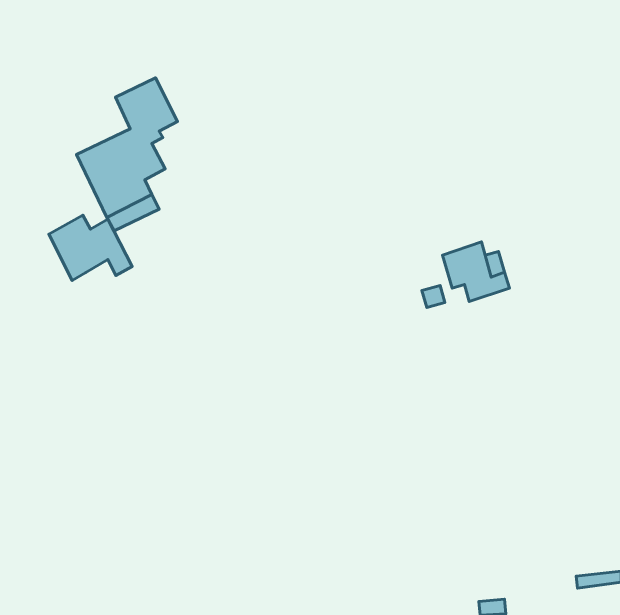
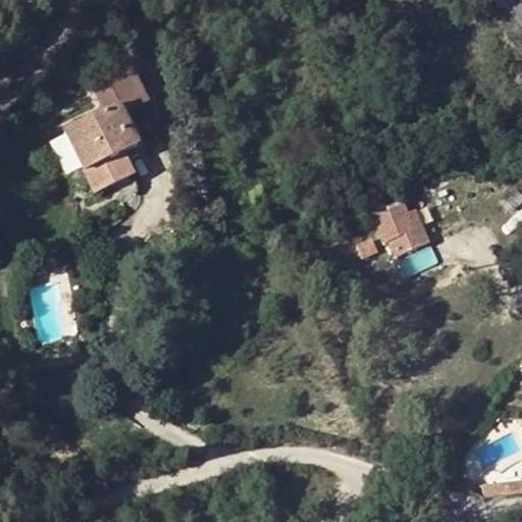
building: [49,215,132,281] -> none

